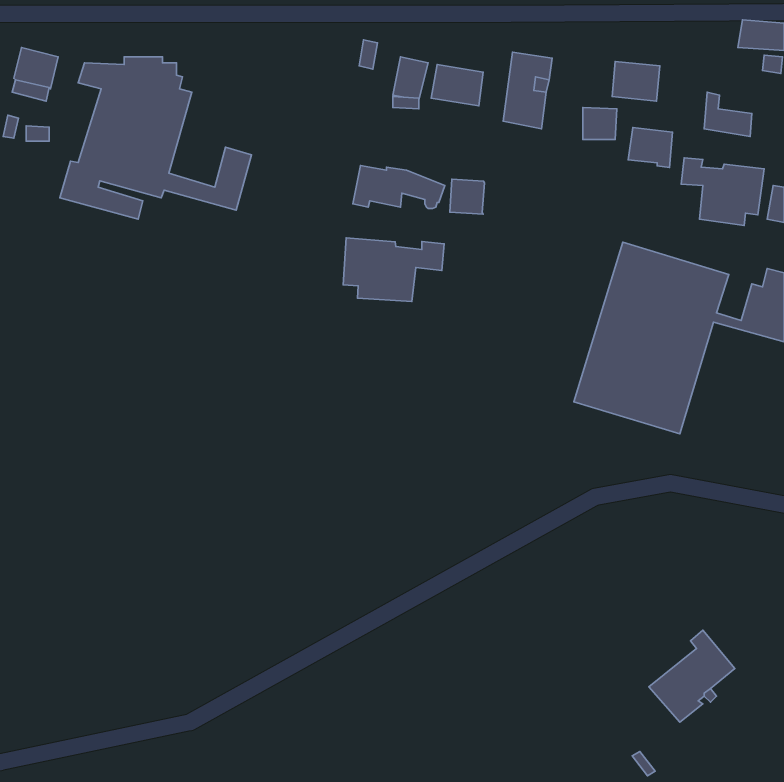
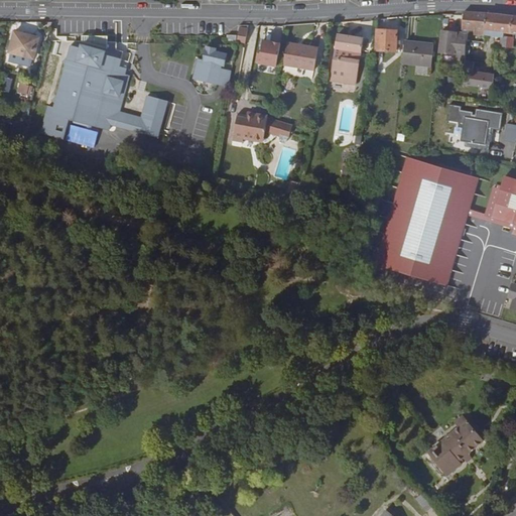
building: none -> [462,11,488,31]
building: none -> [192,45,227,85]
building: [583,107,617,140] -> [375,29,397,50]
building: [628,128,673,168] -> [437,31,467,57]
building: [450,179,485,214] -> none
building: [343,238,444,301] -> none

